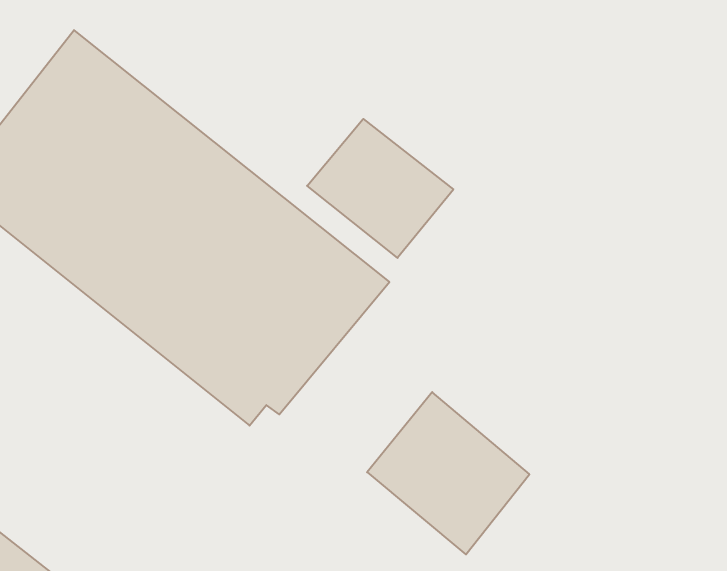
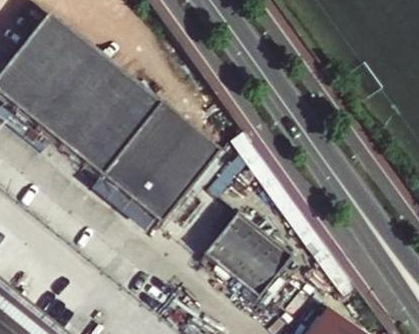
building: [307,119,453,258] -> none

